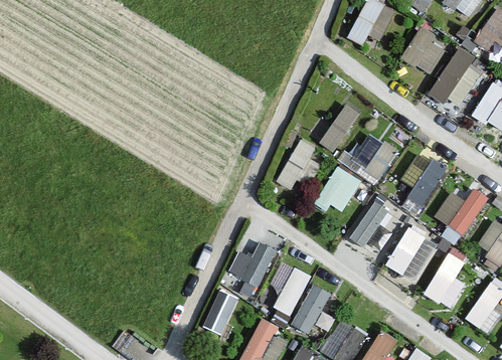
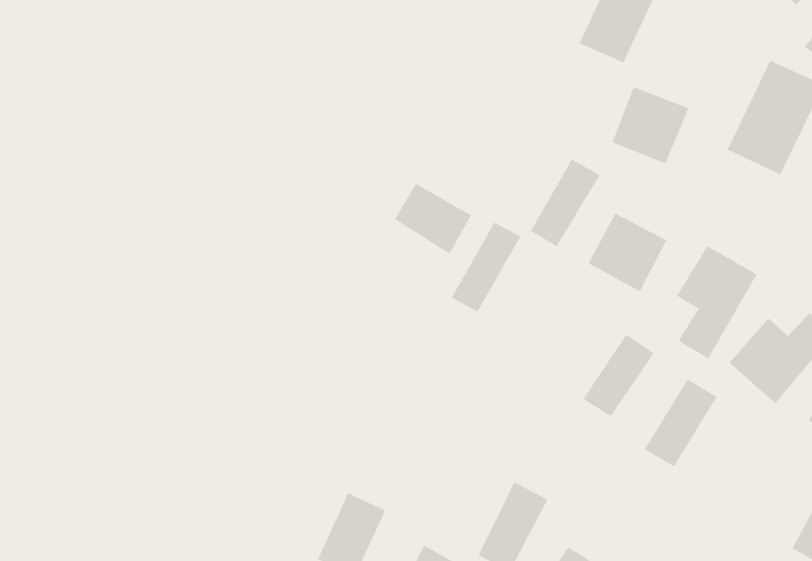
building: [402,31,446,74] -> [612,87,689,164]
building: none -> [394,183,472,254]
building: [315,166,361,215] -> none
building: [227,243,274,286] -> none
building: [423,251,466,311] -> none
building: [275,267,309,316] -> none

